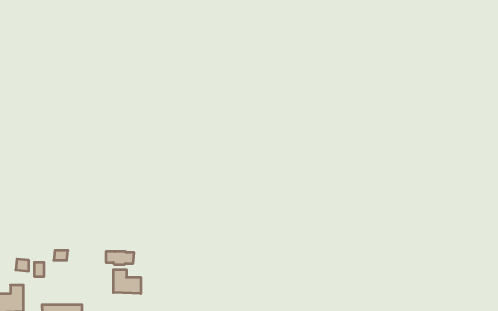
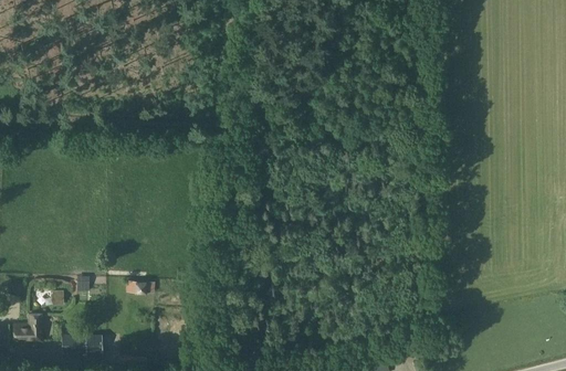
building: [113,270,141,294] -> none

